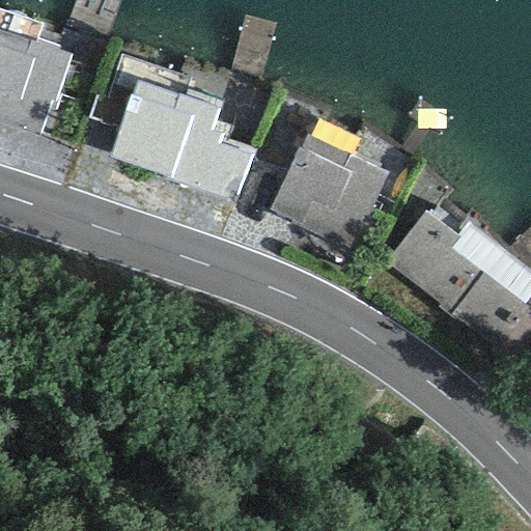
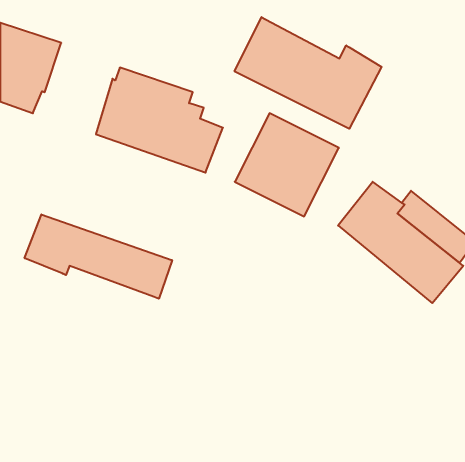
building: none -> [235,17,382,129]
building: none -> [25,214,172,299]

